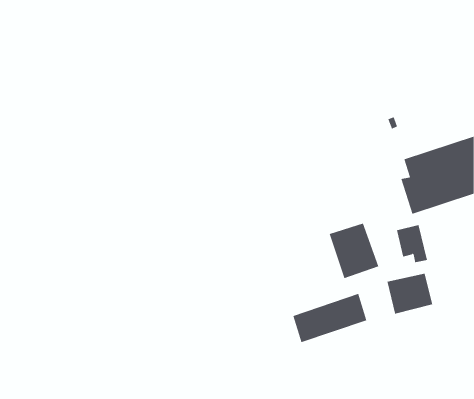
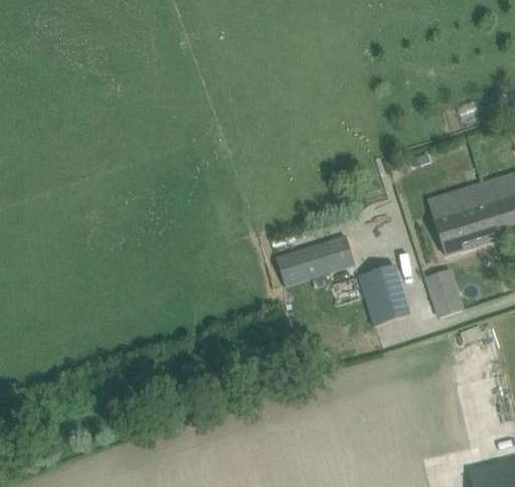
building: [387,273,433,314] -> none
building: [293,293,367,343] -> [276,233,356,287]

